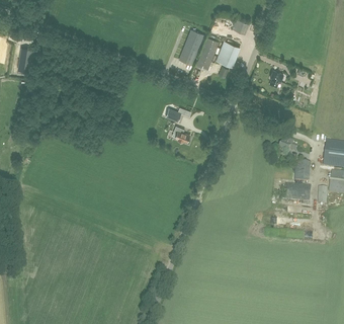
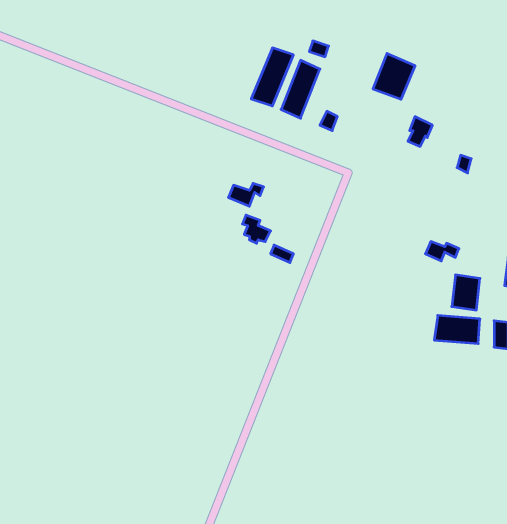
building: [216,39,240,66] -> [373,53,415,99]

